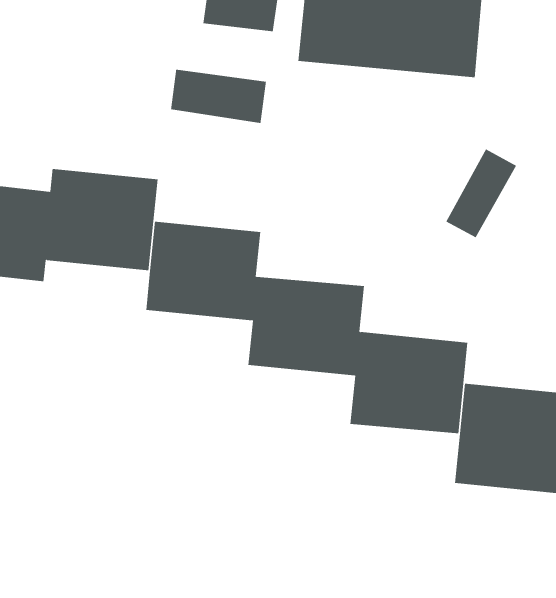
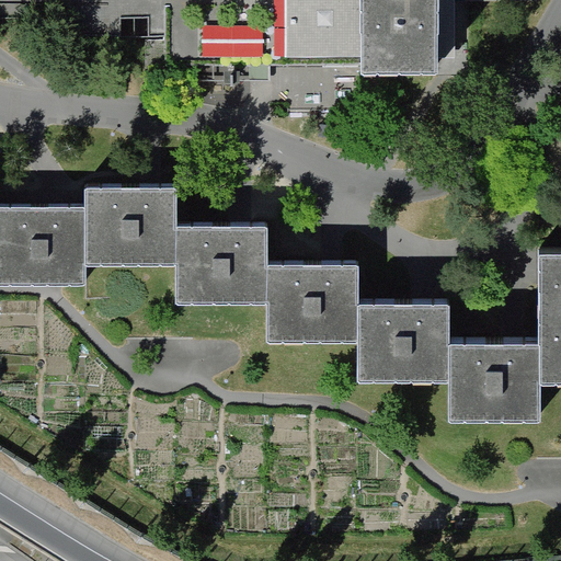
building: [170,69,267,124] -> none
building: [446,149,517,238] -> none

